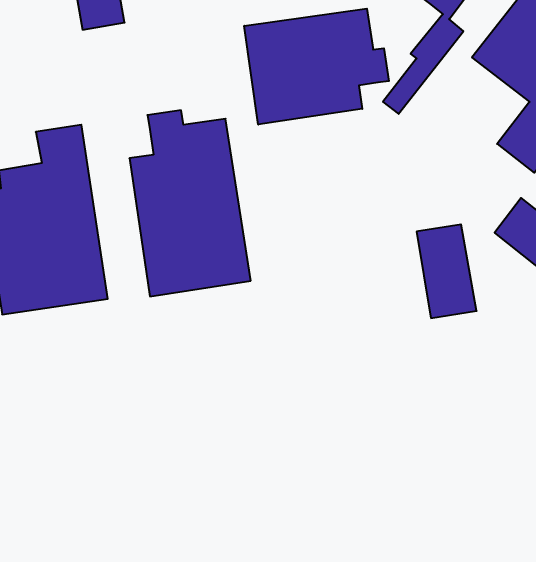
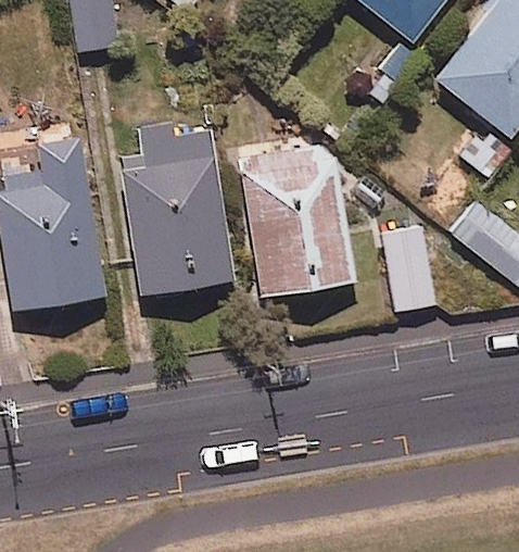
building: [244,9,389,125] -> none
building: none -> [240,140,352,293]

